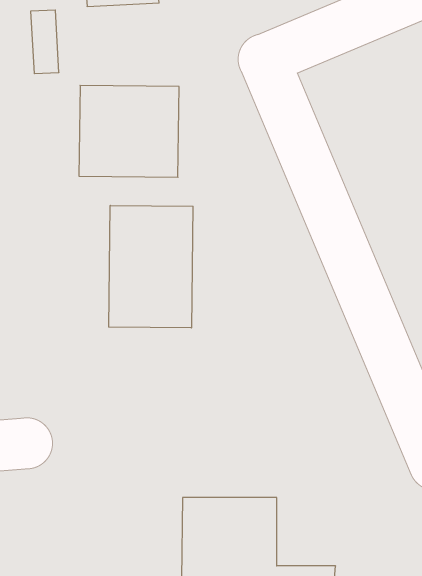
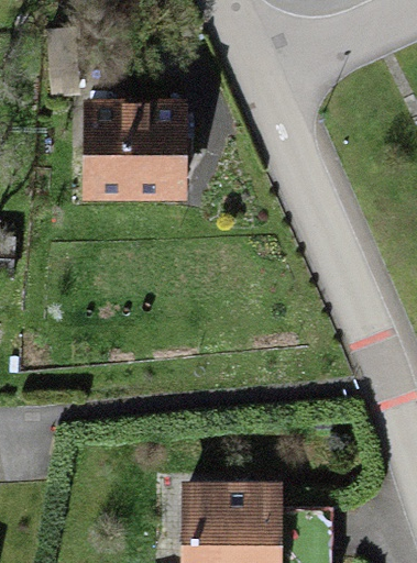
building: [109,205,193,328] -> none

